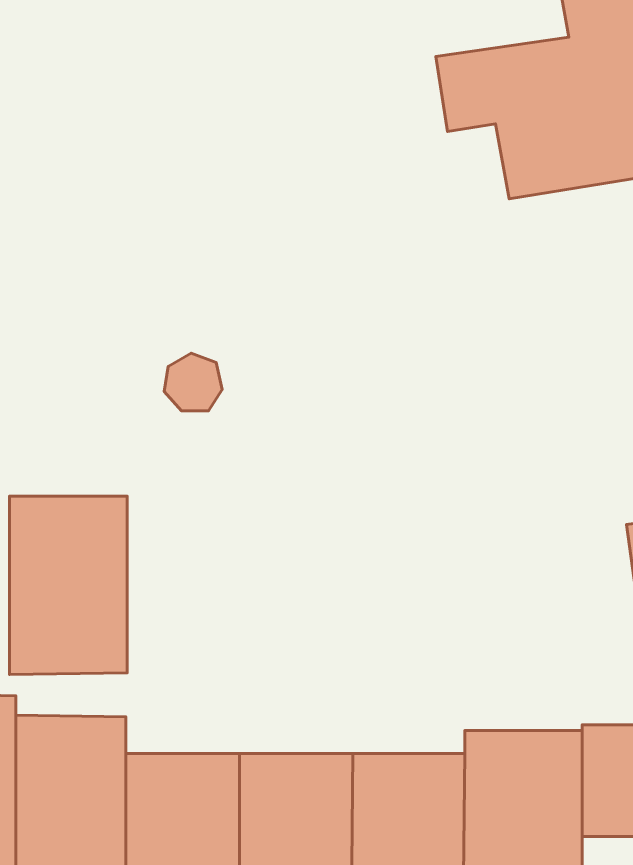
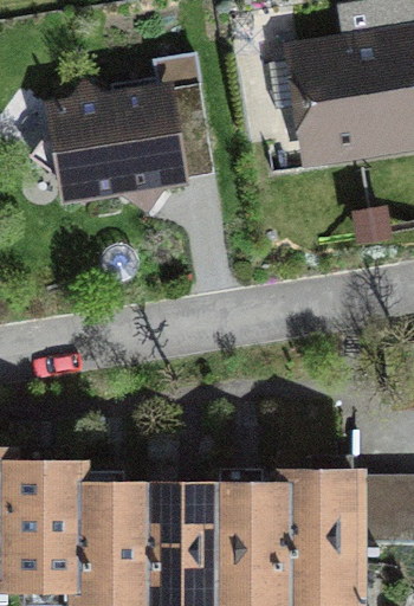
building: none -> [33,82,205,194]
building: [10,496,127,675] -> none

